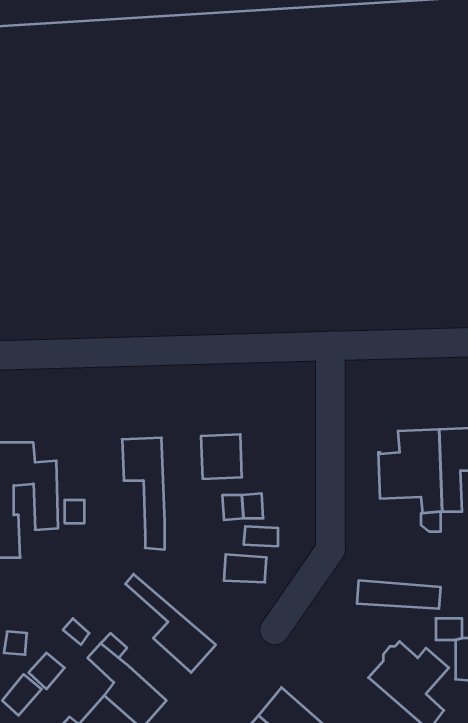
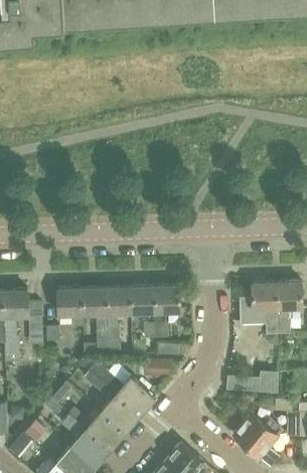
building: none -> [154,285,179,312]
building: none -> [106,287,131,339]
building: none -> [57,289,84,325]
building: none -> [89,363,154,415]
building: none -> [86,411,124,449]

